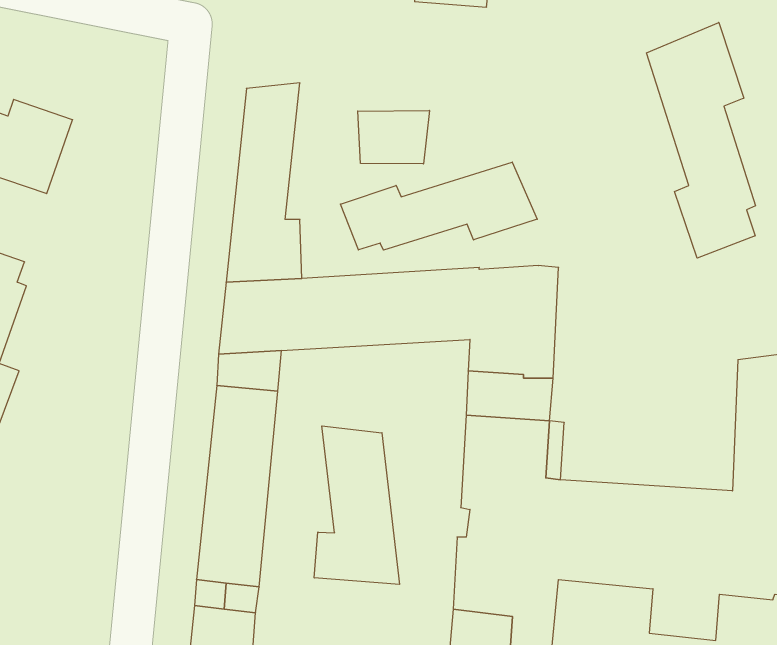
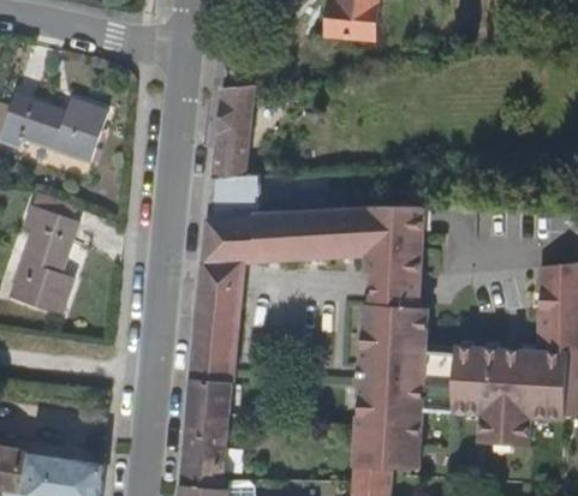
building: [647,22,756,258] -> none
building: [358,110,429,164] -> none
building: [340,162,537,250] -> none
building: [314,426,399,584] -> none

